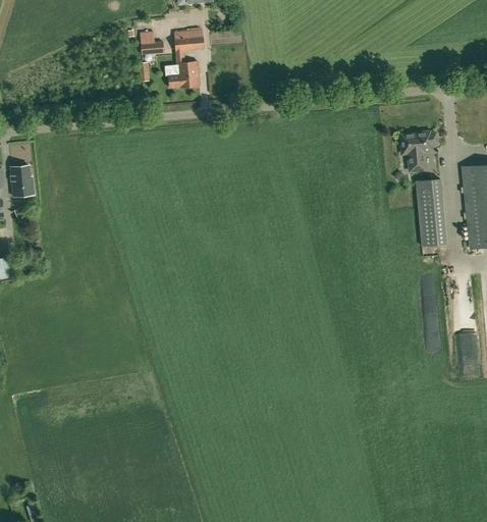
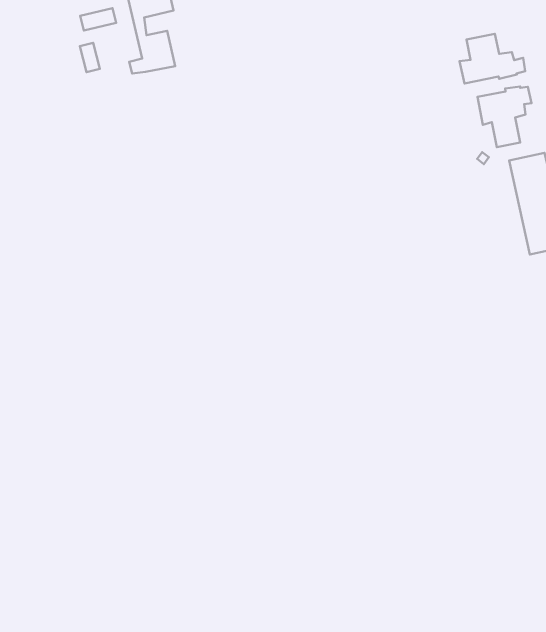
building: none -> [460,34,525,84]

